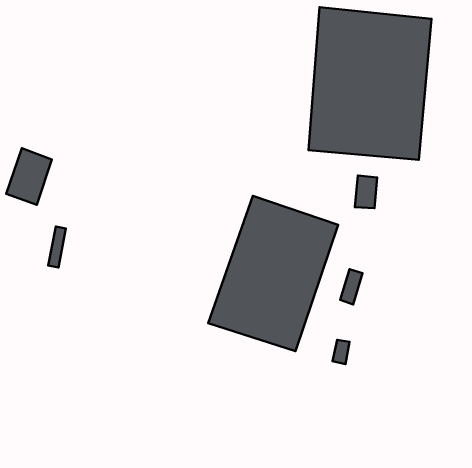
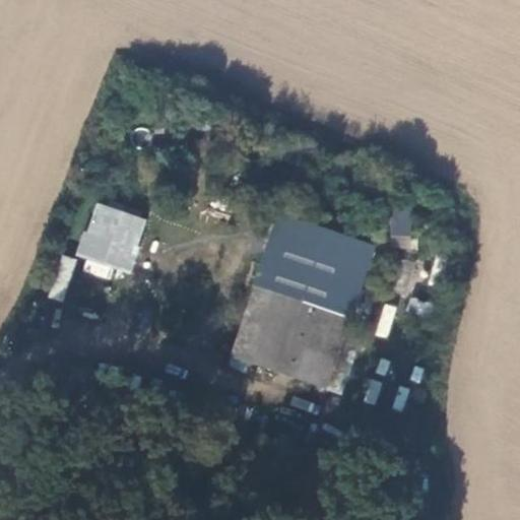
building: [309,7,431,160] -> none
building: [6,148,52,205] -> [87,206,137,268]

